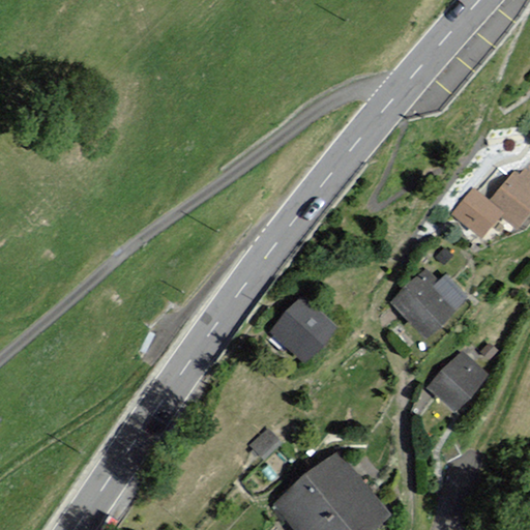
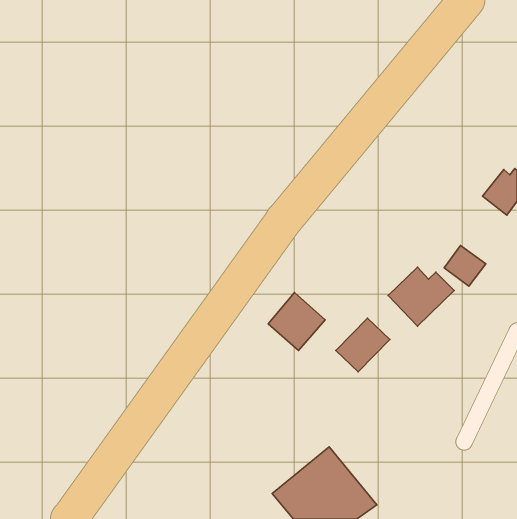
building: [455,192,498,233] -> [444,246,486,286]
building: [430,352,484,407] -> [336,318,390,372]

